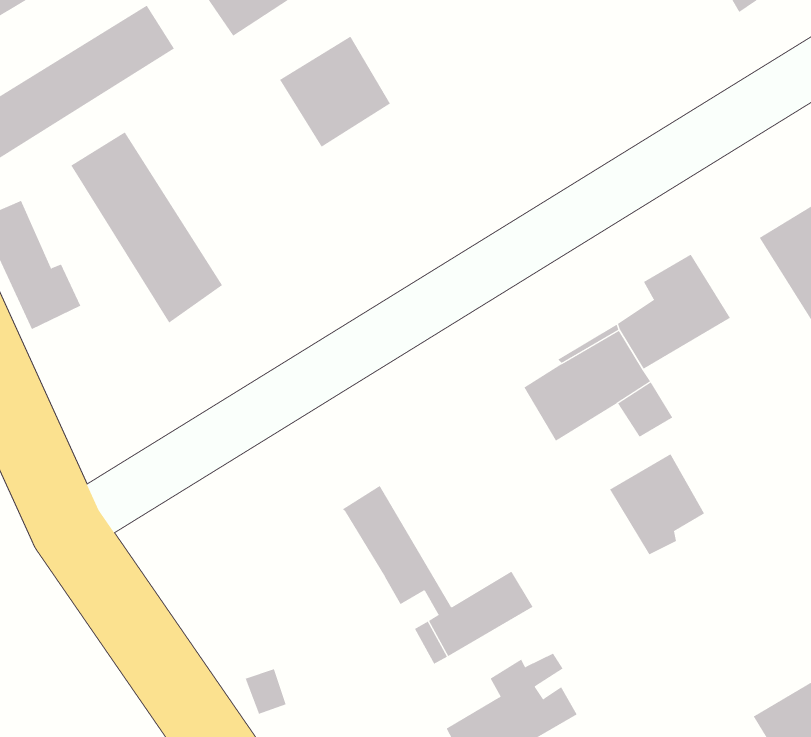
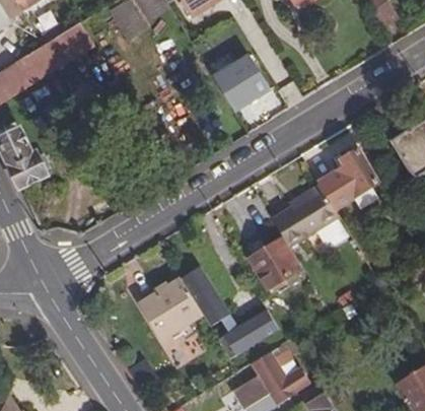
building: [279,36,391,147] -> [215,55,272,112]
building: [70,131,223,324] -> none
building: [609,454,705,555] -> [250,241,298,292]
building: none -> [141,280,202,338]

